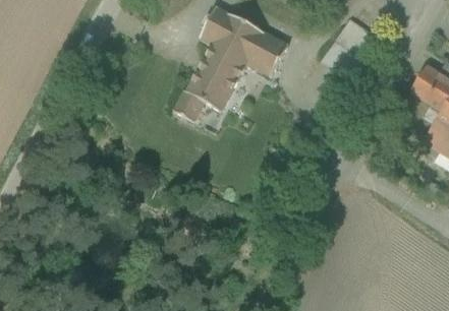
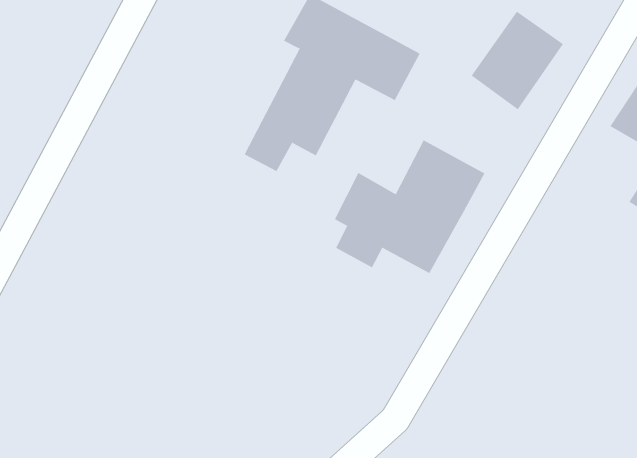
building: none -> [334,140,485,274]

